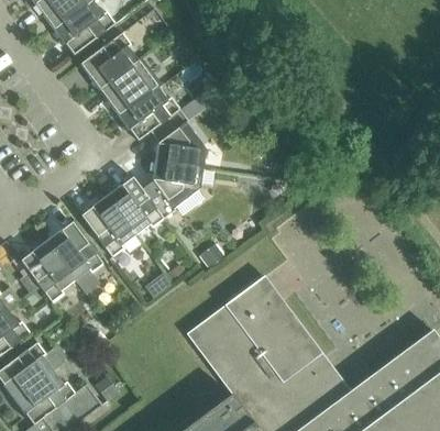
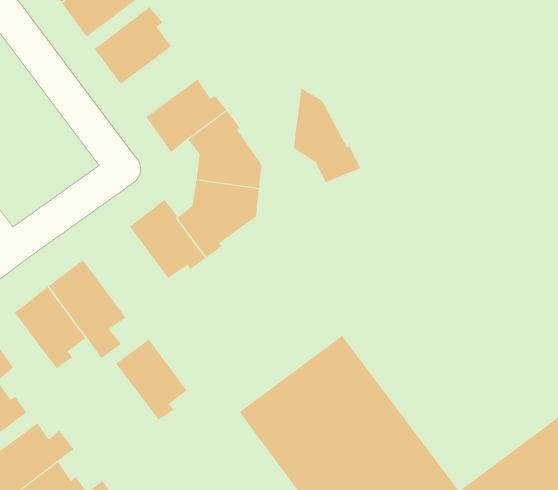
building: [99,57,161,114] -> none
building: none -> [293,87,361,183]
building: [80,196,134,256] -> [115,339,188,420]

